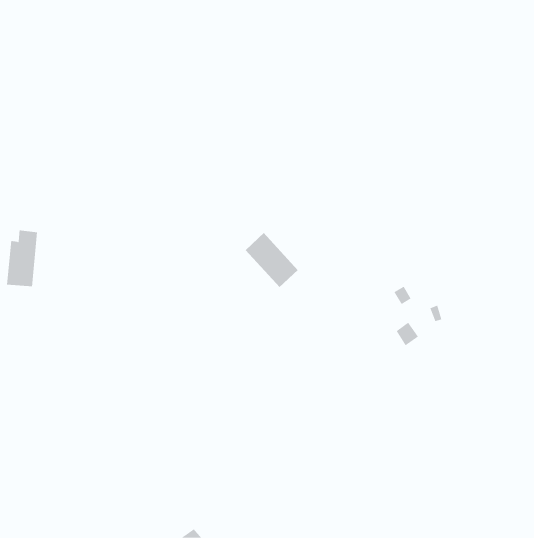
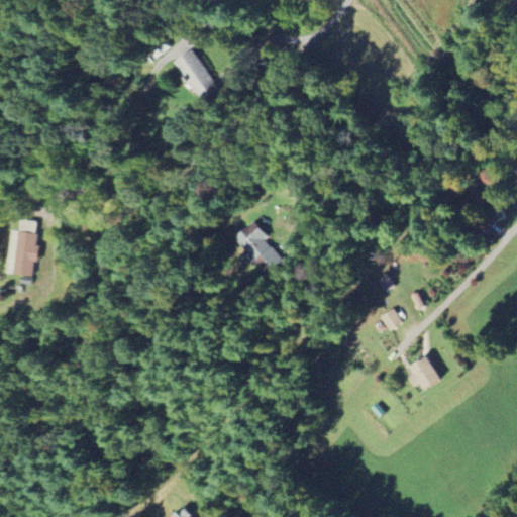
building: none -> [175,49,218,102]
building: none -> [409,356,441,389]

